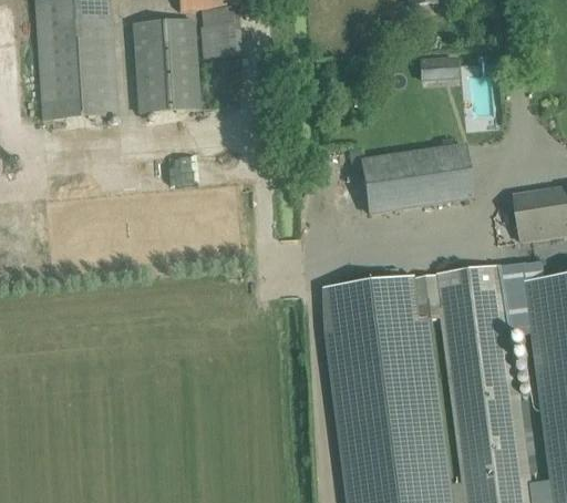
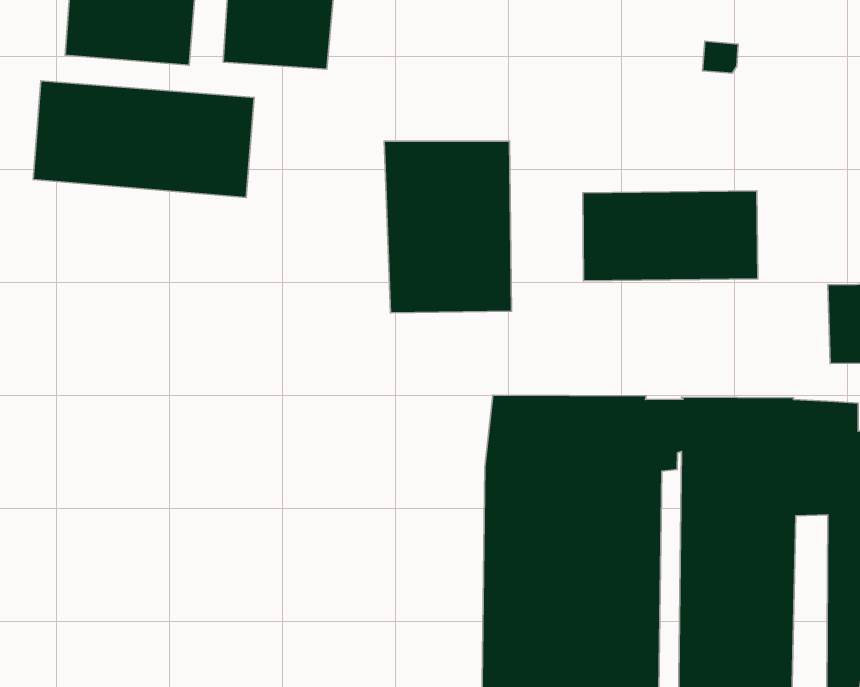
building: none -> [33,81,254,198]
building: none -> [384,141,512,313]

